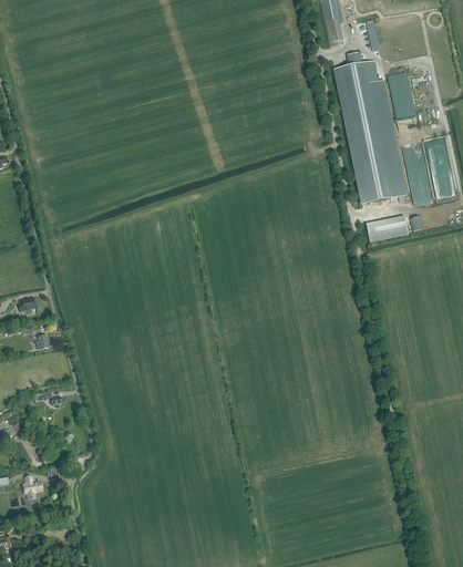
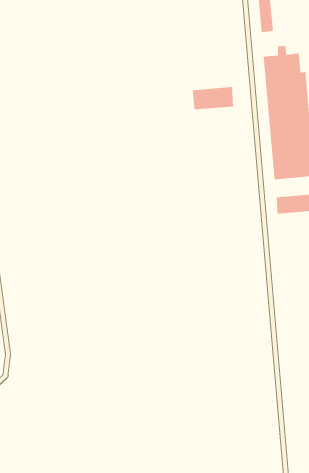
building: none -> [192,86,234,110]

